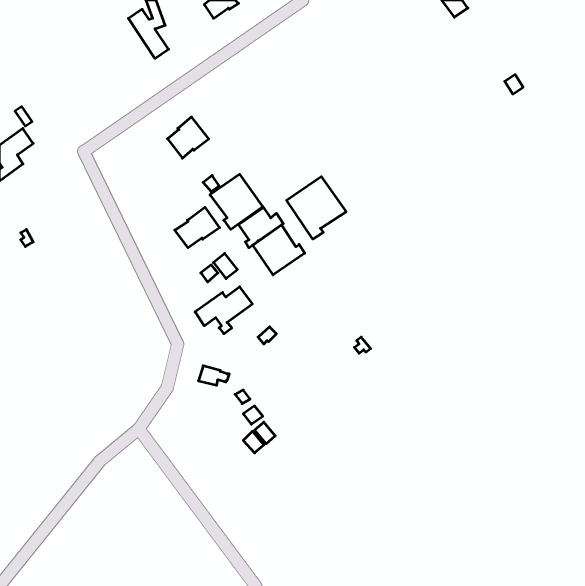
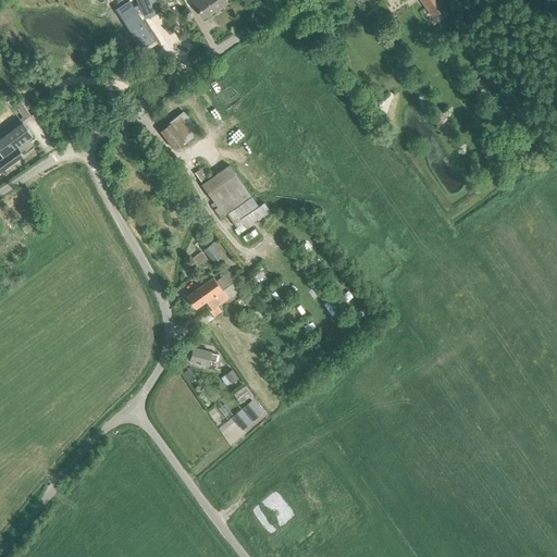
building: [287,177,346,239] -> none
building: [175,207,220,248] -> none
building: [253,225,305,275] -> none

